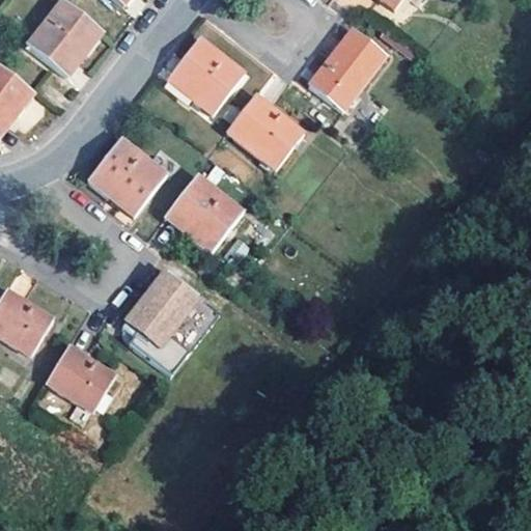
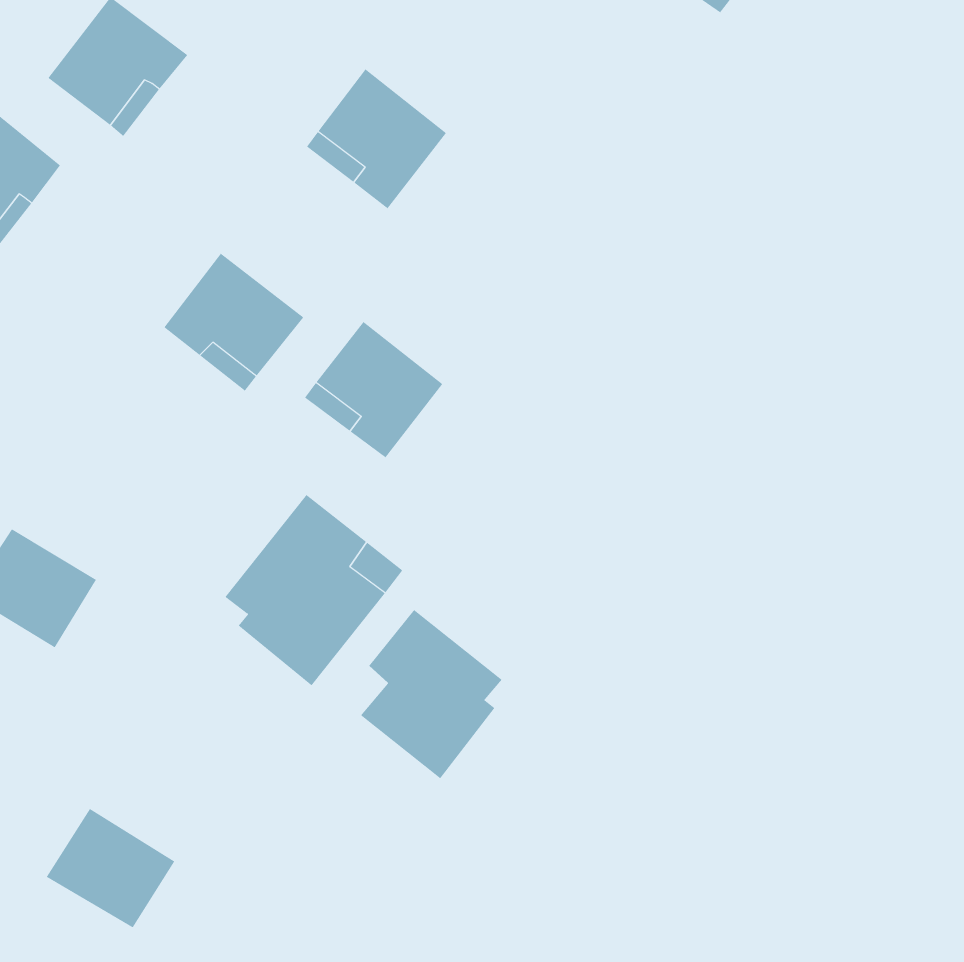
building: [309,30,387,111] -> none
building: [226,93,305,168] -> none
building: none -> [360,609,502,779]
building: [46,344,116,410] -> [46,808,175,928]

